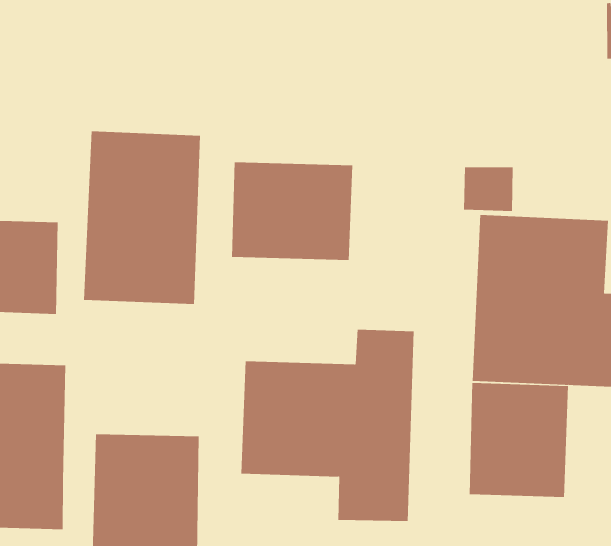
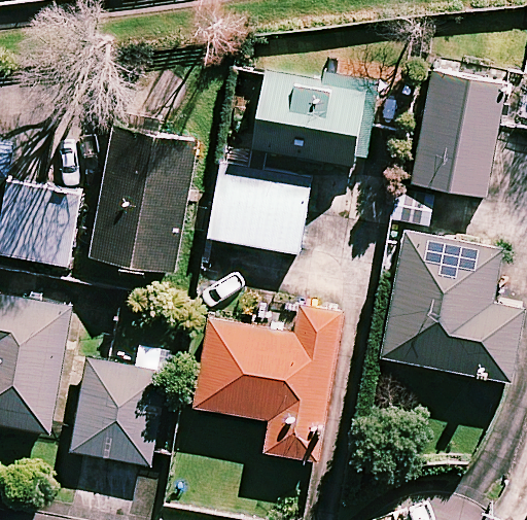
building: none -> [411,73,506,199]
building: none -> [249,74,374,167]
building: [469,382,568,498] -> none

